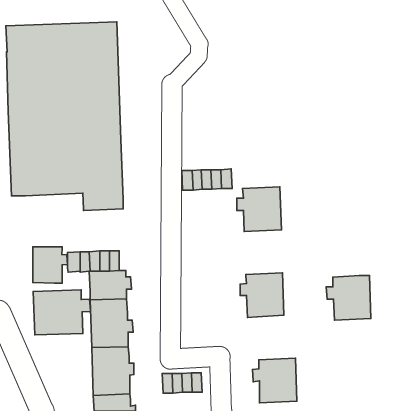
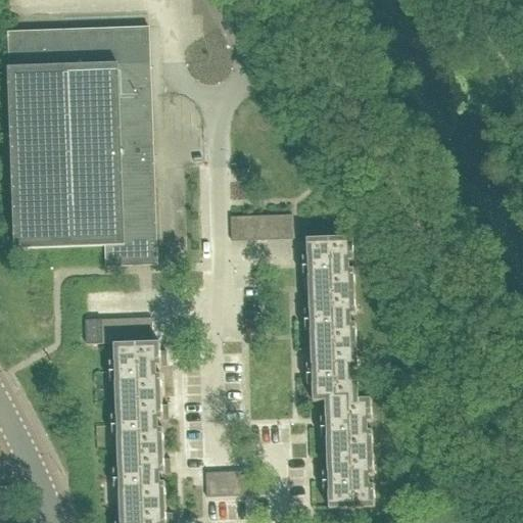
building: none -> [300,289,355,345]
building: [33,247,67,283] -> none
building: [326,276,371,320] -> [316,396,372,453]
building: [33,290,90,335] -> none

